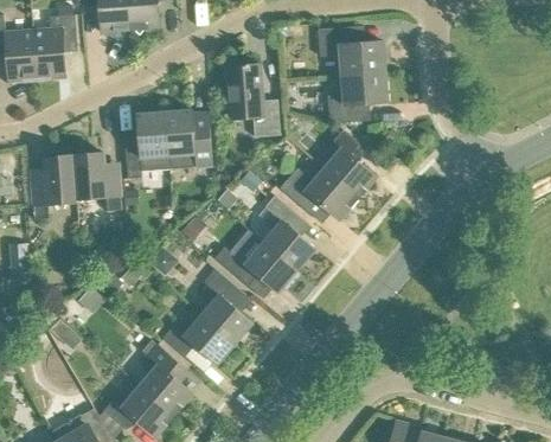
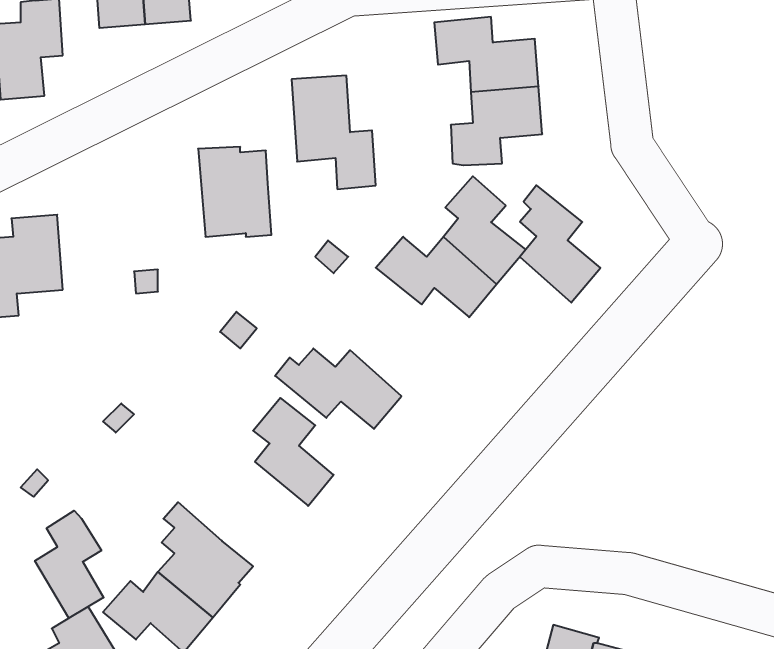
building: [124,111,169,178] -> none
building: [73,152,122,211] -> none
building: [263,196,315,271] -> [520,185,600,303]
building: [162,314,236,365] -> none
building: none -> [35,511,104,618]

